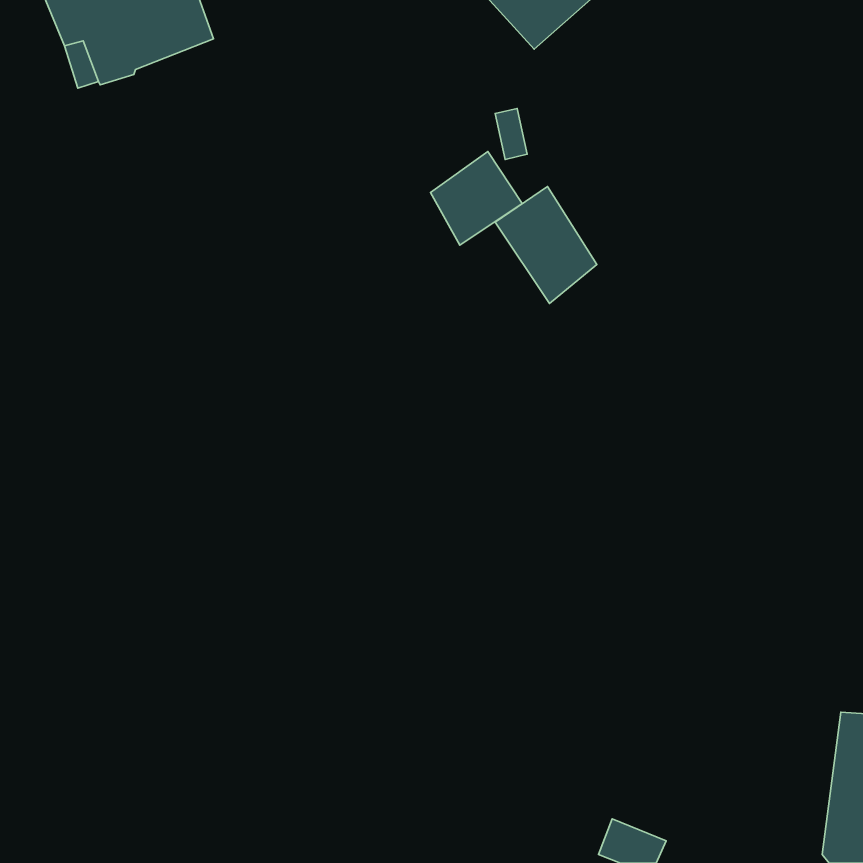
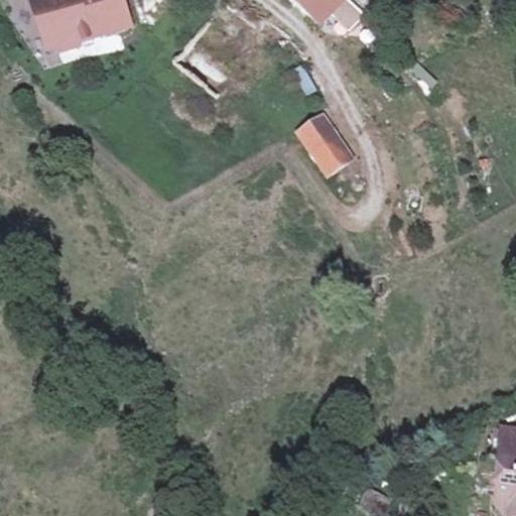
building: [430,151,522,245] -> none

